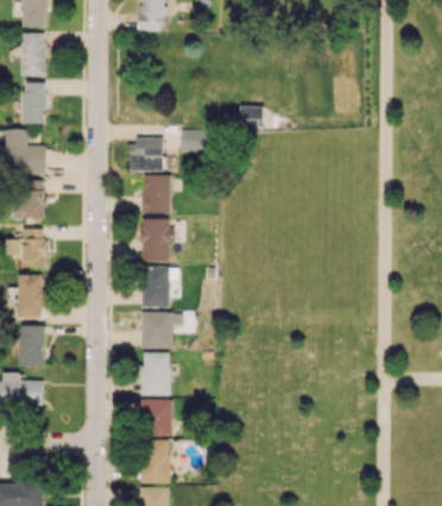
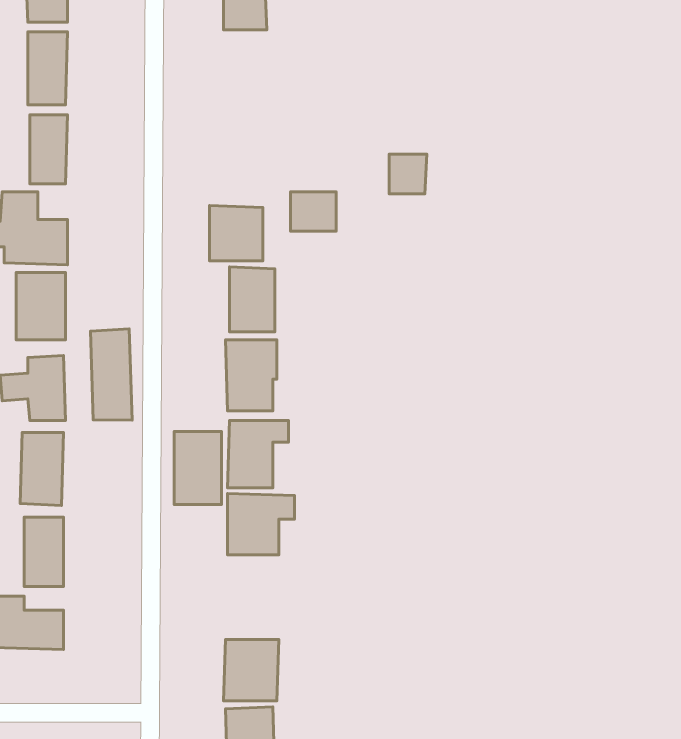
building: none -> [90,329,132,420]
building: [141,351,170,395] -> [174,431,222,504]

